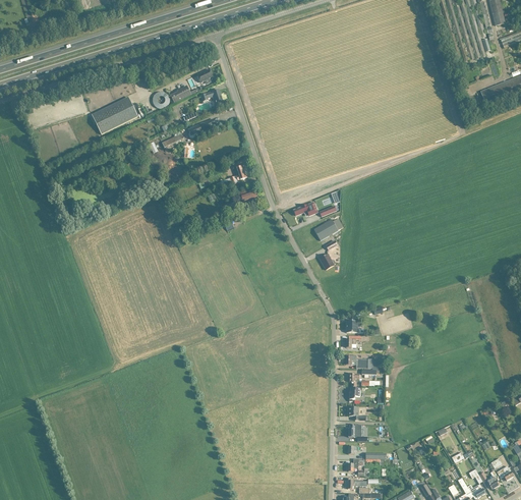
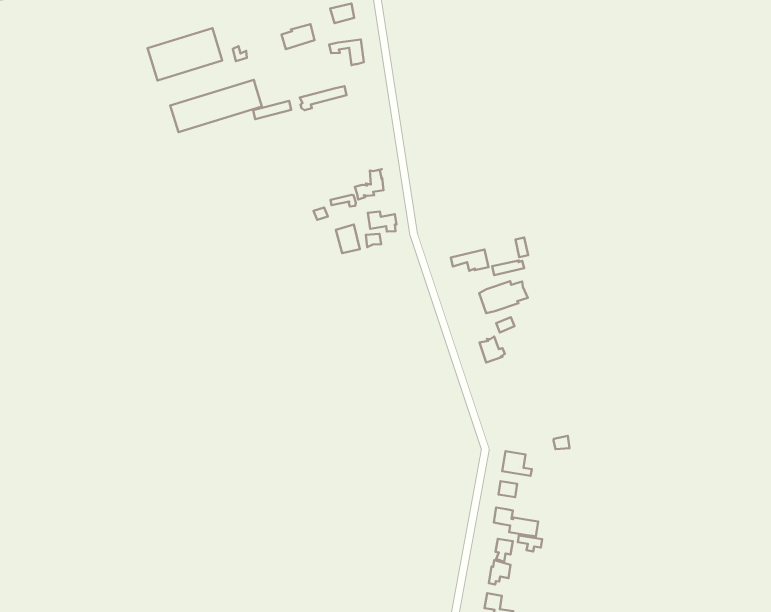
building: none -> [170,80,262,132]

